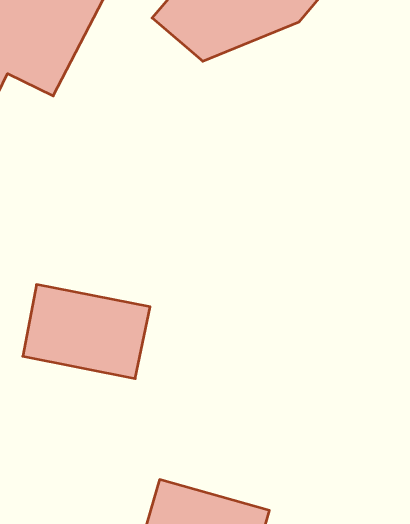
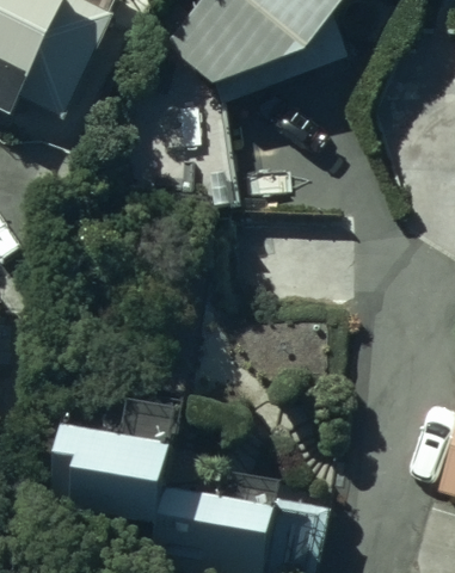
building: [23,285,150,379] -> [45,423,168,513]

